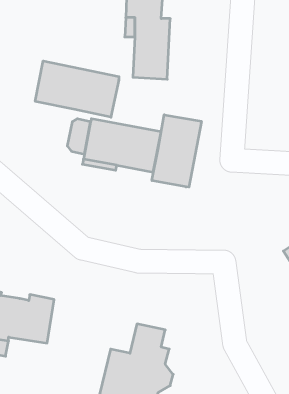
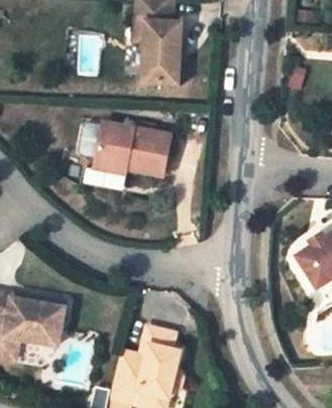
building: [35,61,119,117] -> none
building: [152,115,201,187] -> none

